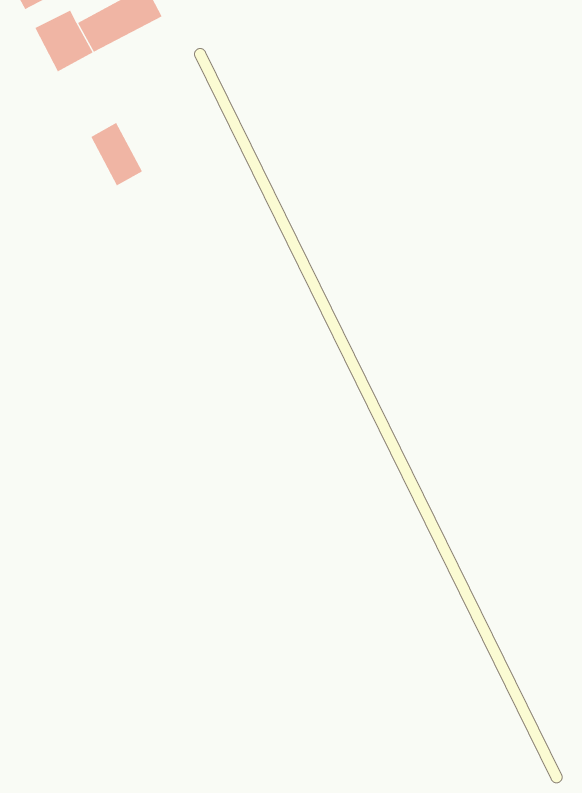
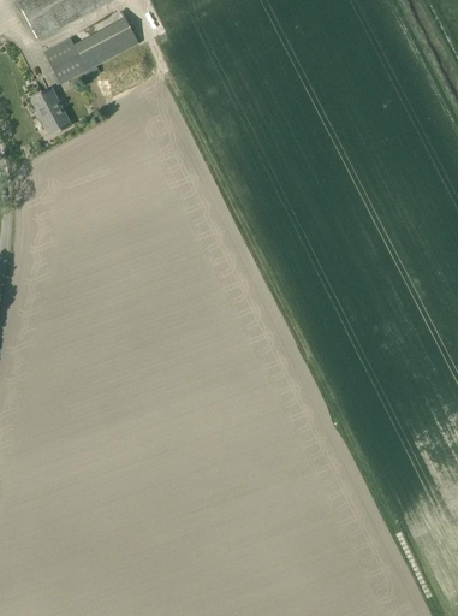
building: [90,122,143,186] -> [31,88,70,135]

